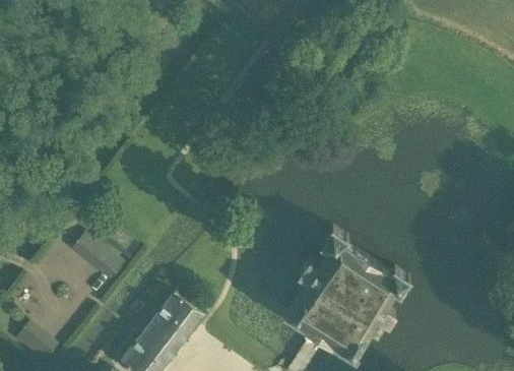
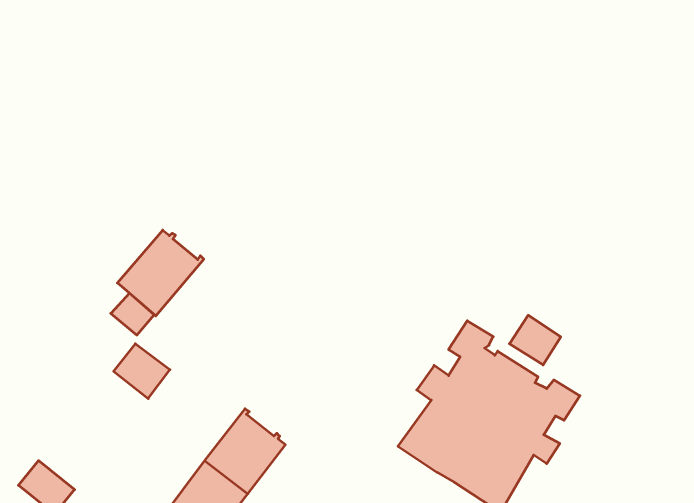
building: none -> [117,230,204,316]
building: none -> [509,315,561,365]

